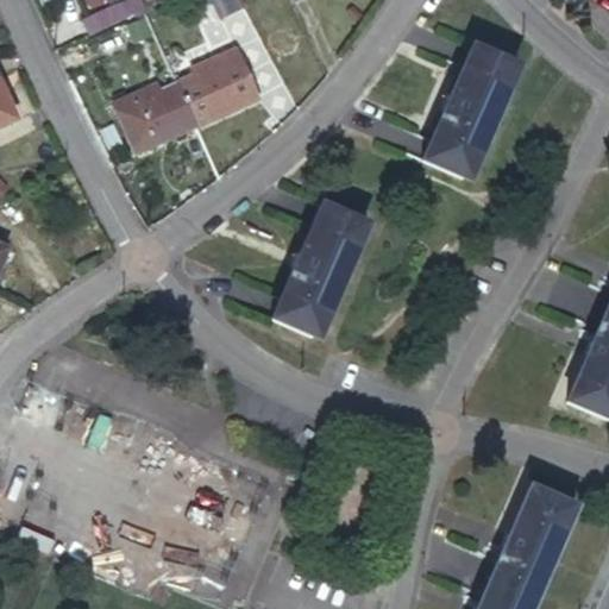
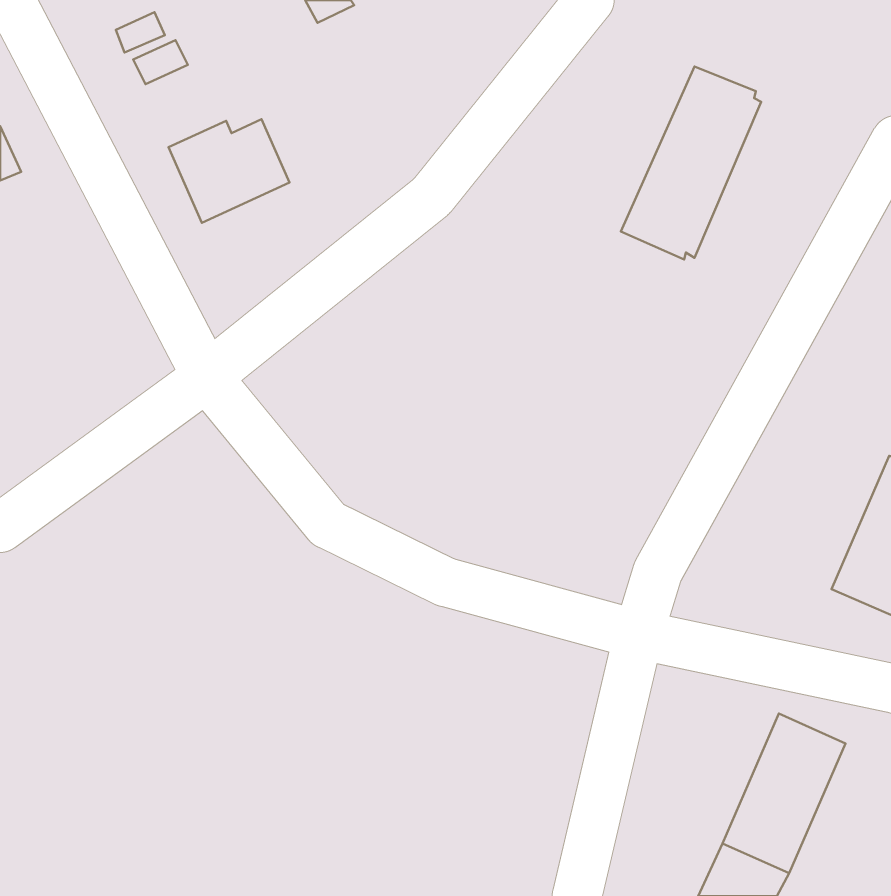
building: [181,45,259,124] -> none
building: [274,202,370,334] -> none

